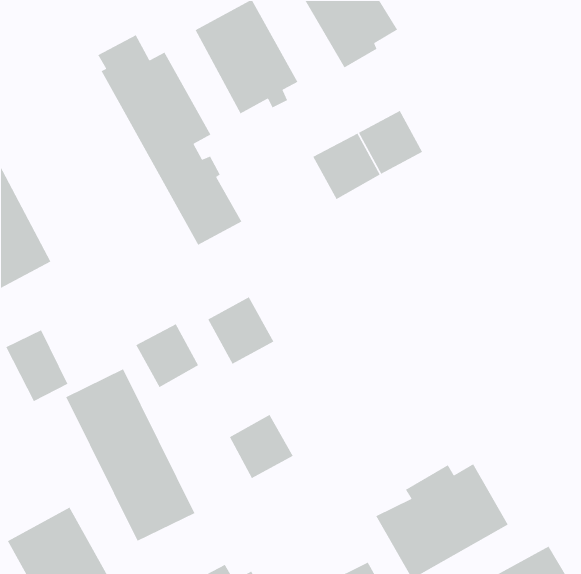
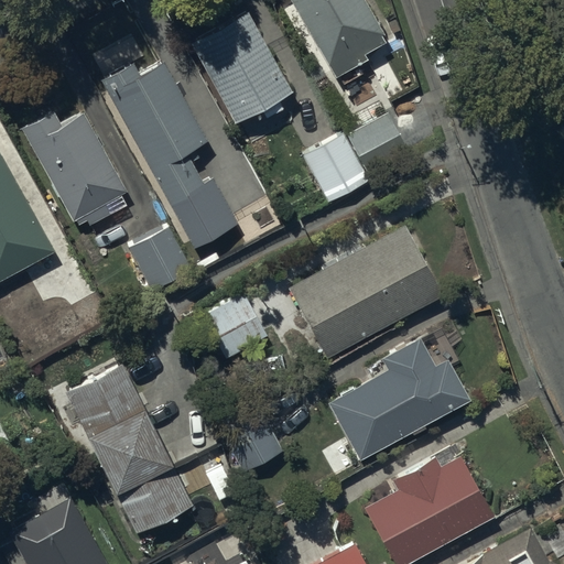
building: none -> [21,111,128,226]
building: none -> [290,225,444,359]
building: [135,323,199,388] -> [130,228,192,291]
building: [5,329,68,402] -> none
building: none -> [328,337,470,459]

